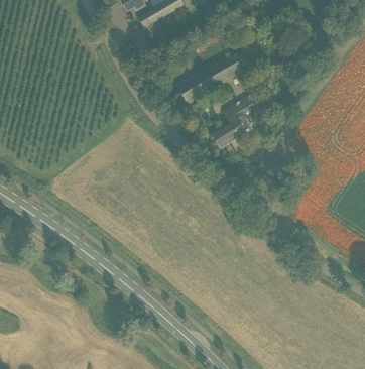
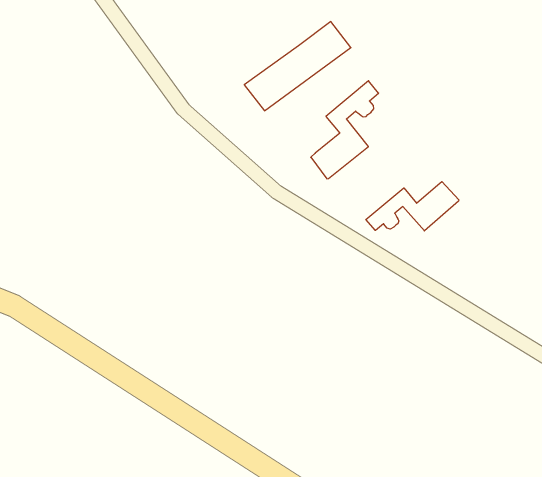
building: none -> [366,182,459,231]

